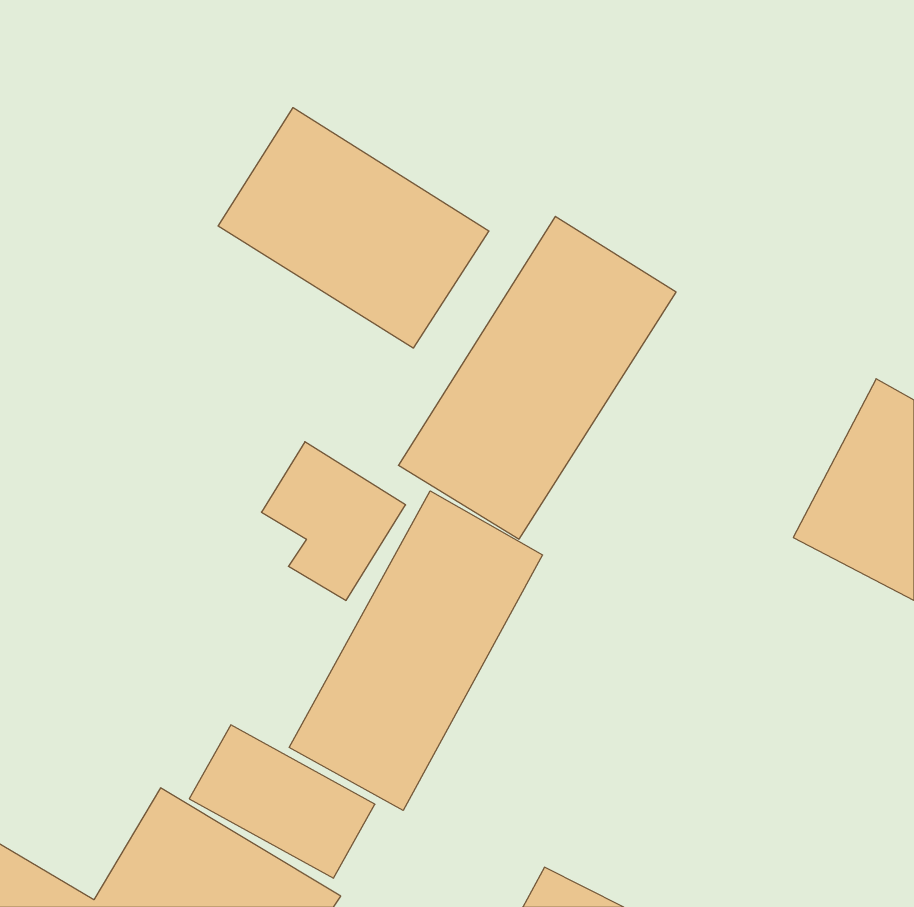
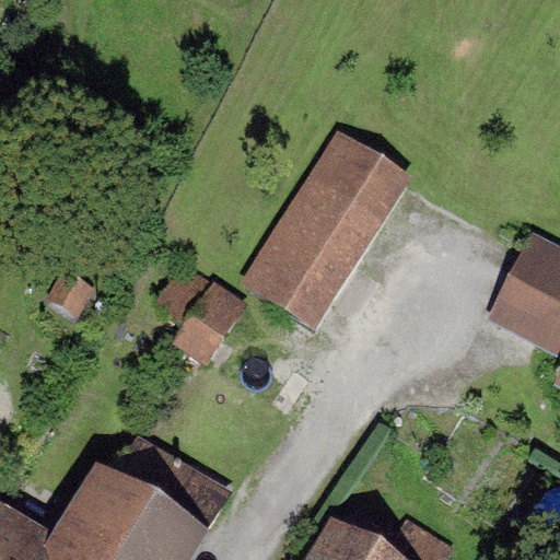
building: [218,108,489,348] -> none
building: [289,491,543,810] -> none

